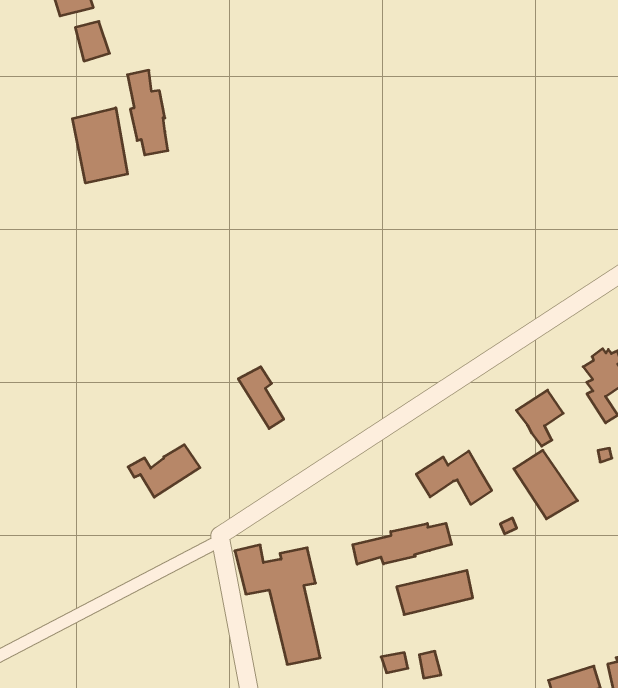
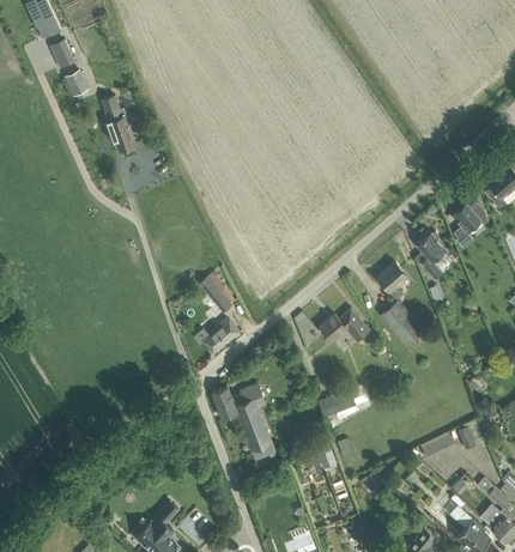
building: [72,108,128,183] -> none
building: [128,445,200,497] -> [194,319,240,354]
building: [353,523,452,564] -> none

